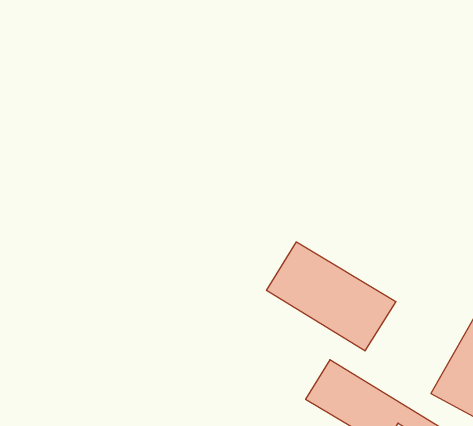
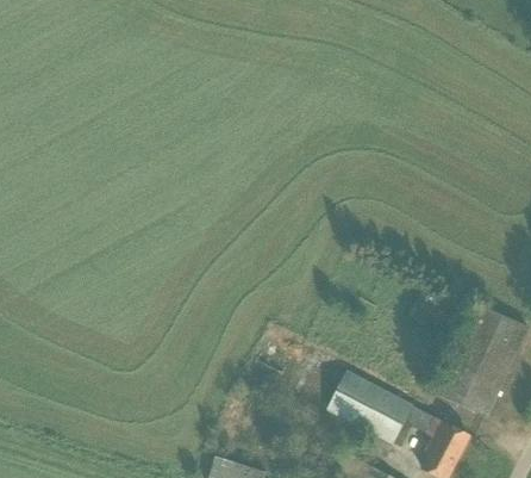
building: [267,242,396,351] -> none

